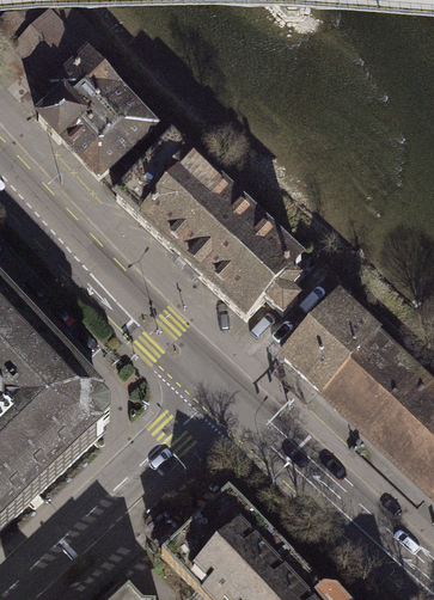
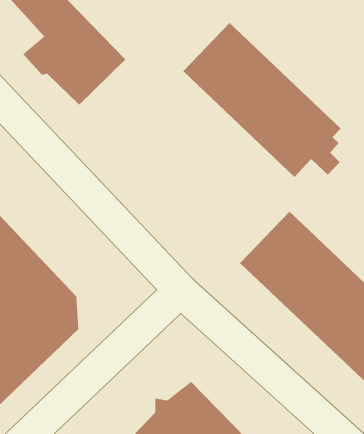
building: [122,139,304,317] -> [183,22,342,178]

